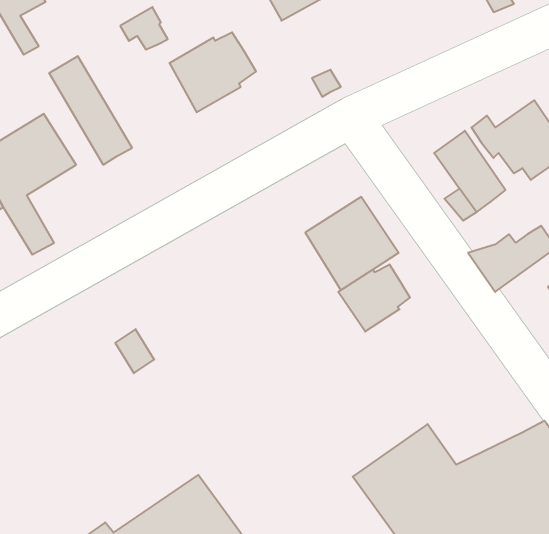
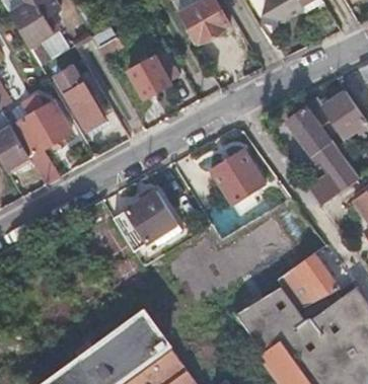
building: [338,264,410,332] -> none
building: none -> [114,189,178,249]
building: none -> [278,253,339,309]

